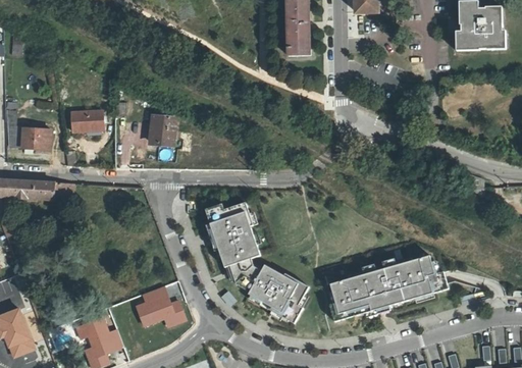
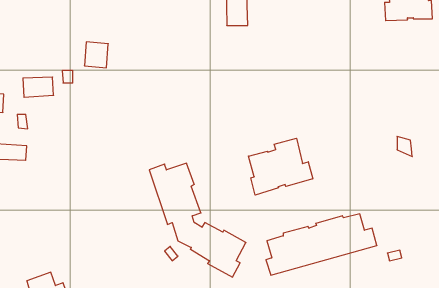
building: [149,116,174,144] -> [84,42,108,68]
building: none -> [248,138,313,195]
building: [134,286,181,325] -> none

